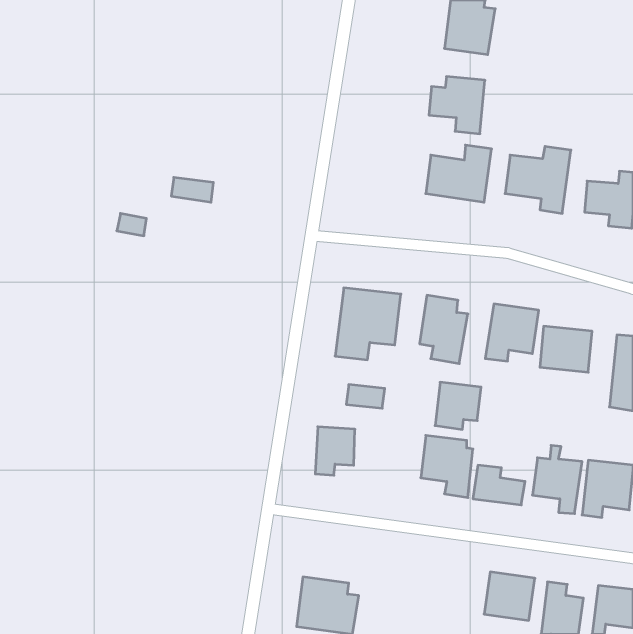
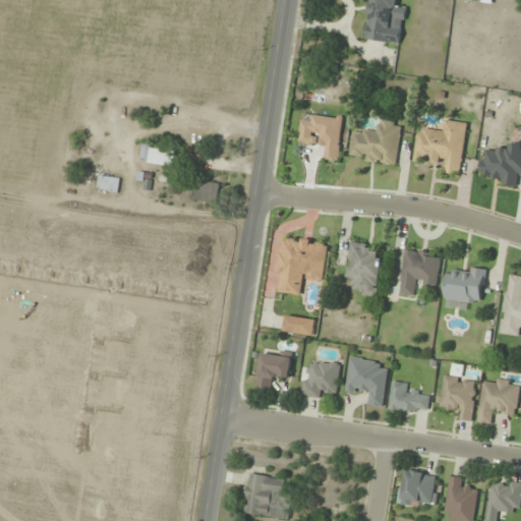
building: [429,77,485,134] -> [298,114,344,161]
building: none -> [192,181,222,204]
building: [435,382,481,429] -> [302,360,340,399]

